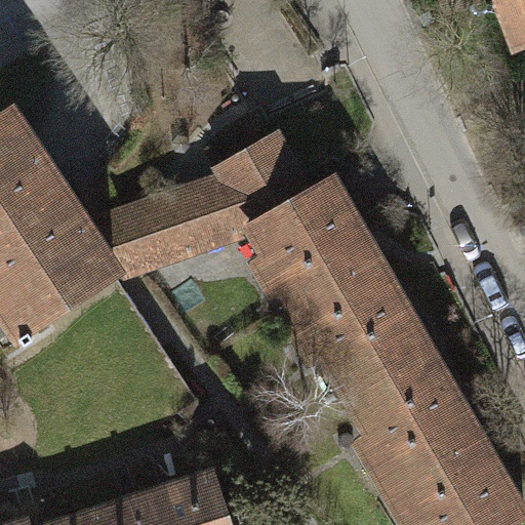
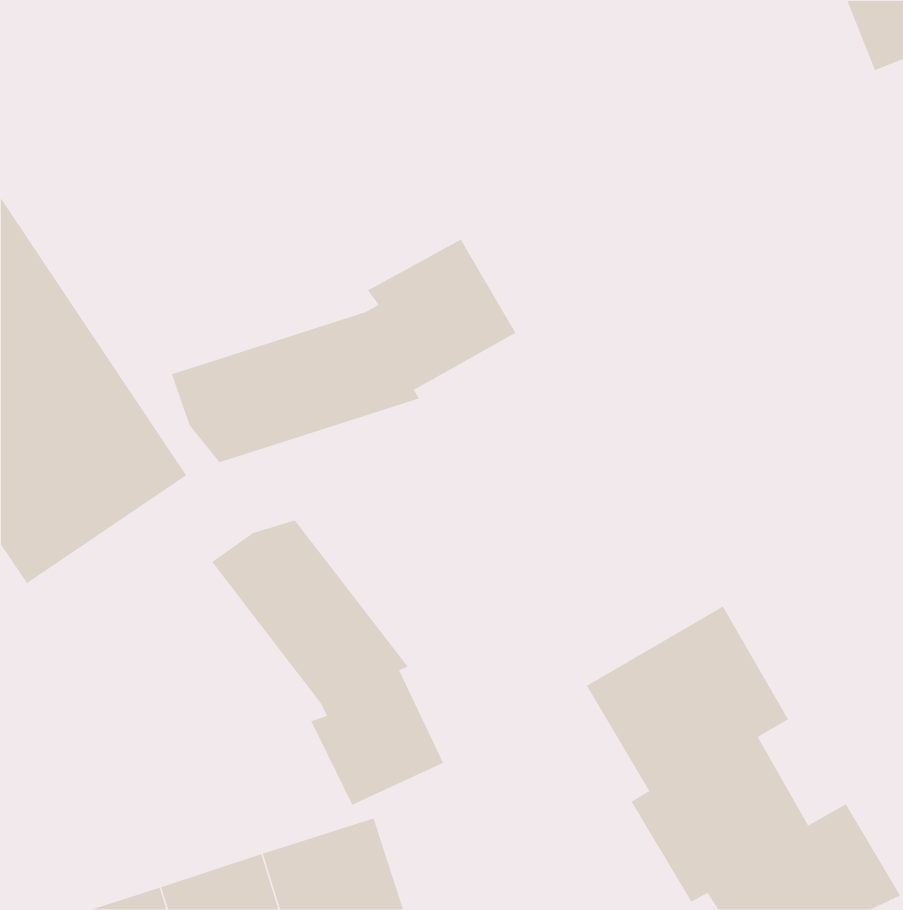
building: [243,177,420,395] -> none
building: none -> [211,520,444,806]

